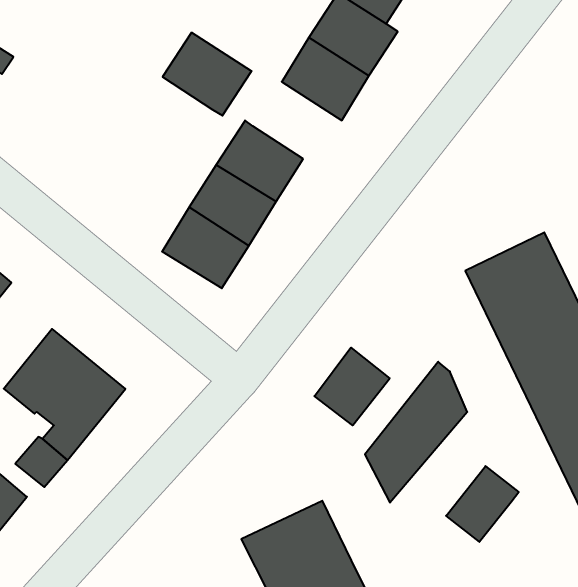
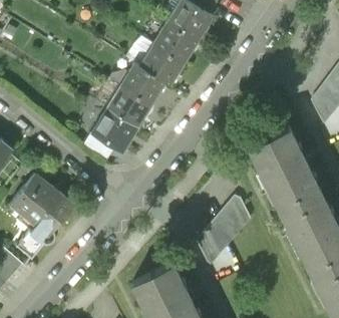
building: [163,33,252,116] -> [137,46,184,89]
building: [314,348,390,425] -> none
building: [446,466,519,542] -> none

